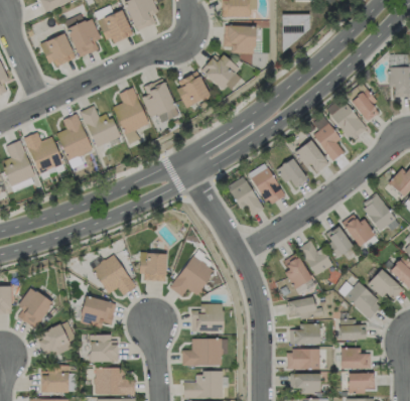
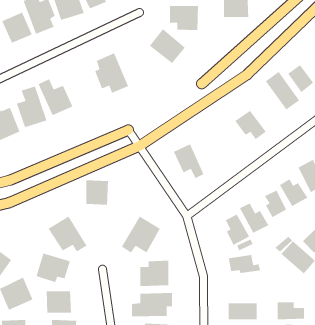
building: [174,72,211,108] -> none
building: [114,88,148,144] -> none
building: [313,124,344,161] -> none
building: [276,158,306,187] -> none
building: [249,163,285,207] -> none
building: [141,253,166,281] -> [85,179,109,205]
building: [339,319,366,340] -> none
building: [290,323,320,345] -> none

